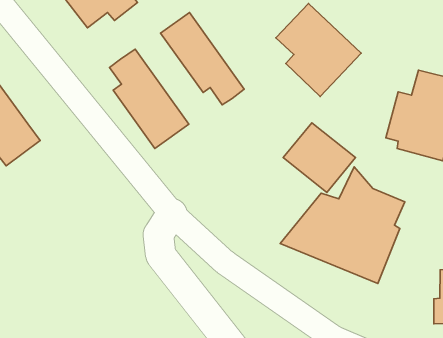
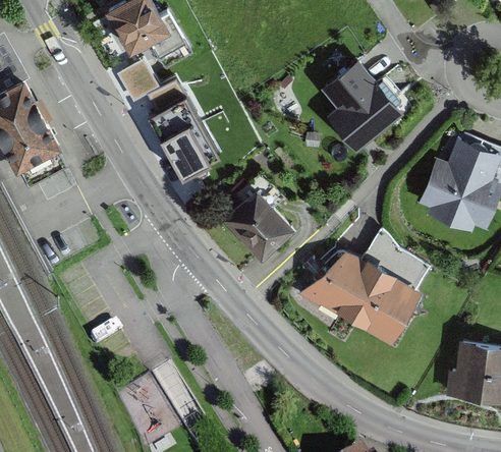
building: [161,12,244,105] -> none
building: none -> [116,58,159,103]
building: [283,123,356,192] -> [223,187,296,260]

